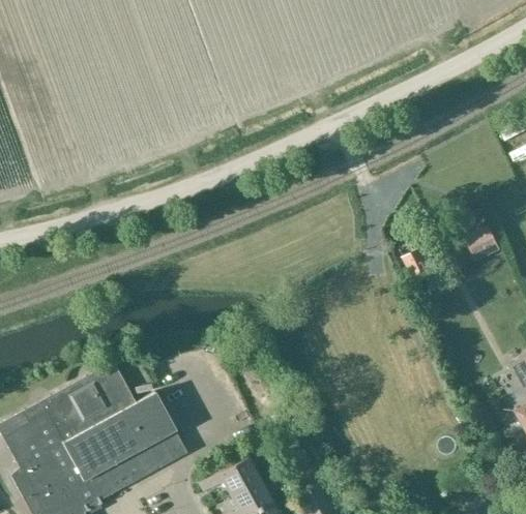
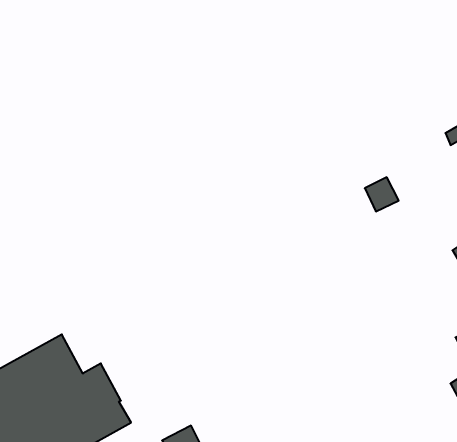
building: [468,226,503,262] -> [365,177,399,211]

